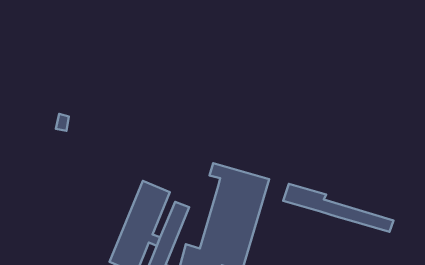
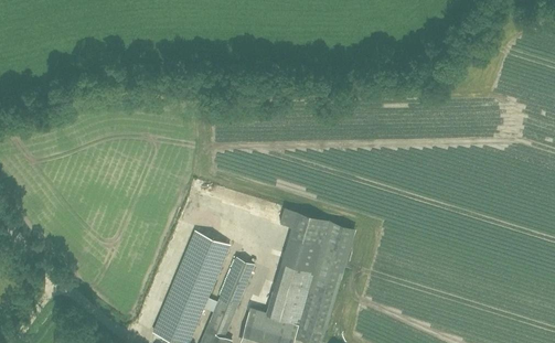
building: [283,184,393,232] -> none

